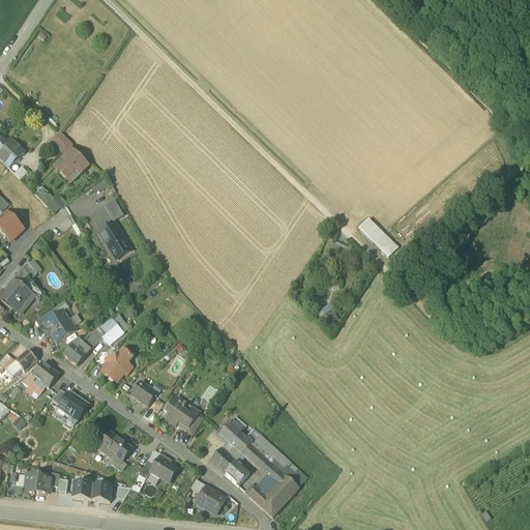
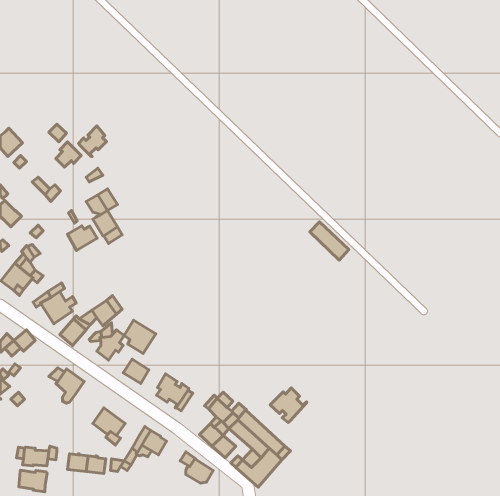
building: none -> [79,126,107,157]
building: [355,217,396,258] -> [310,222,349,260]
building: none -> [68,226,97,250]
building: none -> [124,320,156,354]
building: [23,361,59,394] -> none
building: none -> [270,388,307,423]
building: none -> [19,470,47,492]

